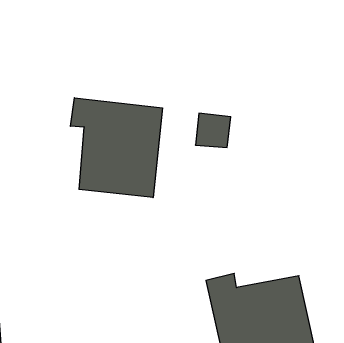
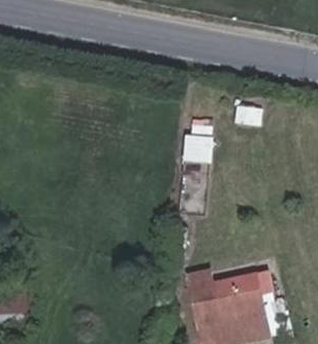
building: [70,98,162,198] -> none

